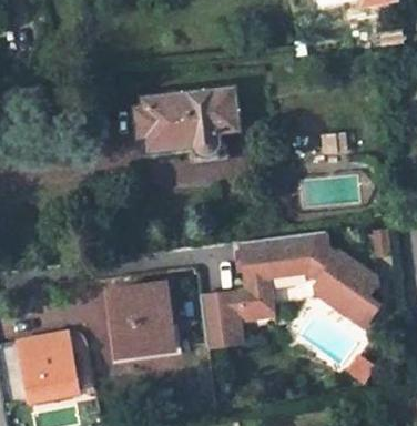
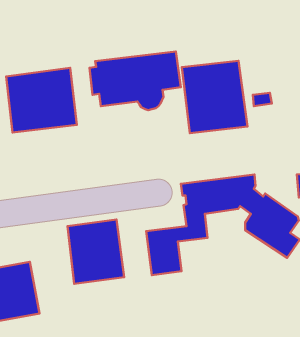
building: none -> [182,61,247,133]
building: none -> [6,68,77,132]

